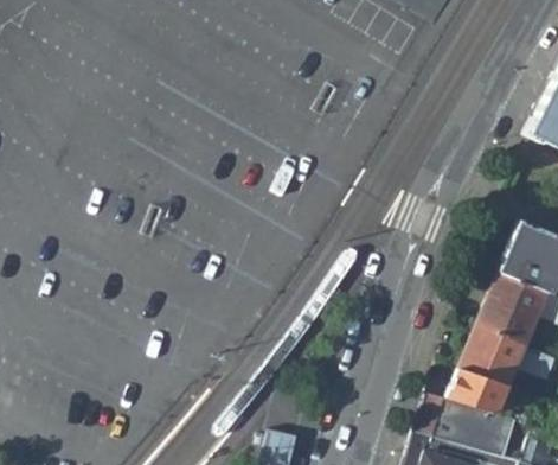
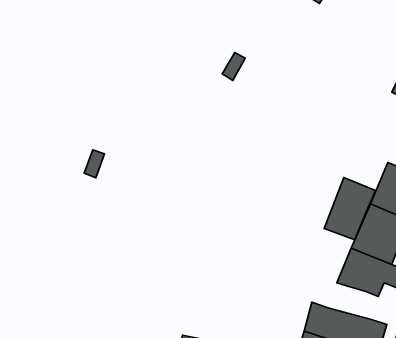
building: none -> [324,178,375,240]
building: [450,368,511,413] -> none

